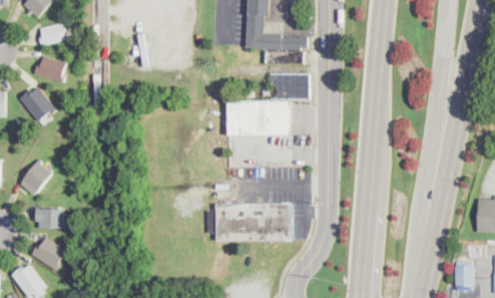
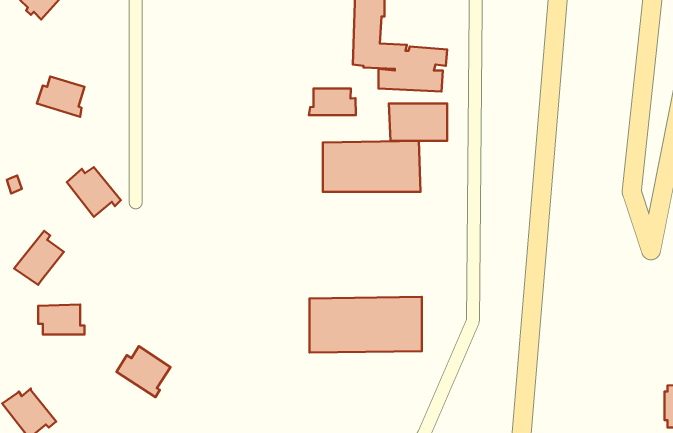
building: [39,23,67,46] -> none
building: none -> [309,88,356,115]
building: [20,88,56,121] -> [67,167,121,217]
building: [31,238,67,272] -> [116,346,170,397]

